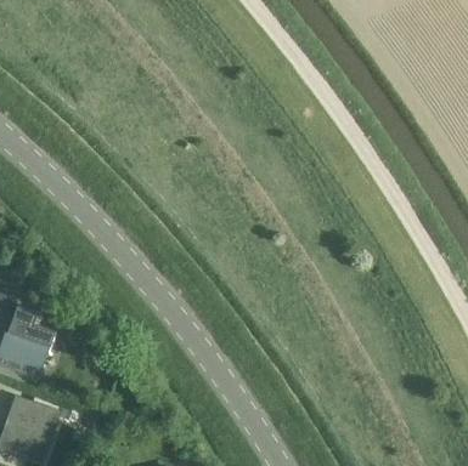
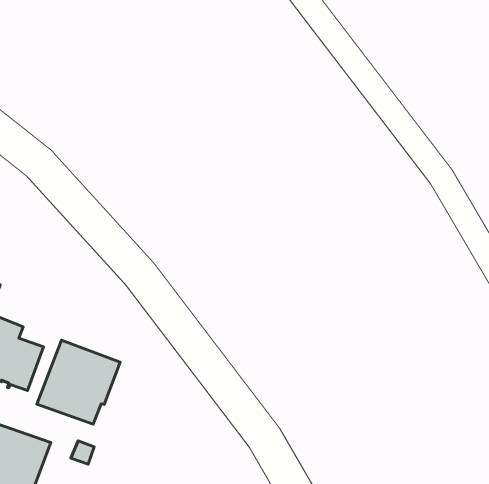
building: none -> [37,340,120,424]

